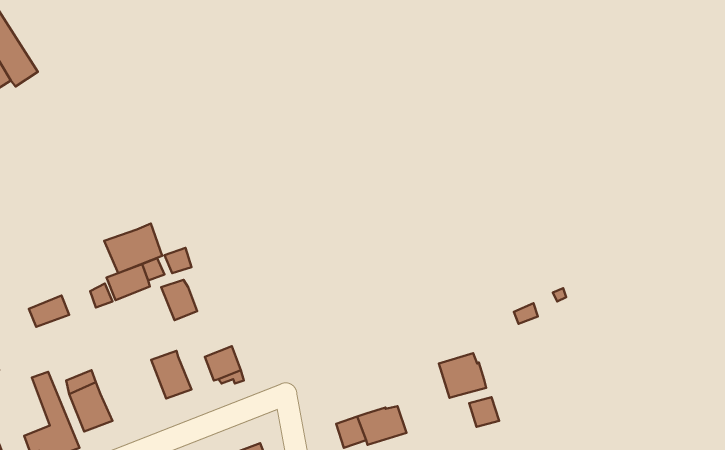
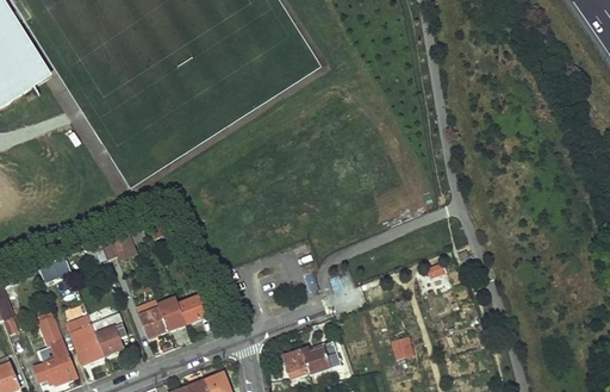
building: [104,223,162,273] -> none
building: [161,280,197,320] -> [157,298,186,330]
building: [439,353,486,398] -> none
building: none -> [95,316,124,355]

